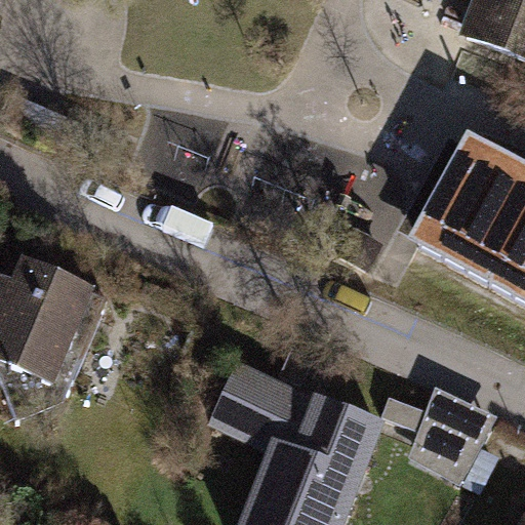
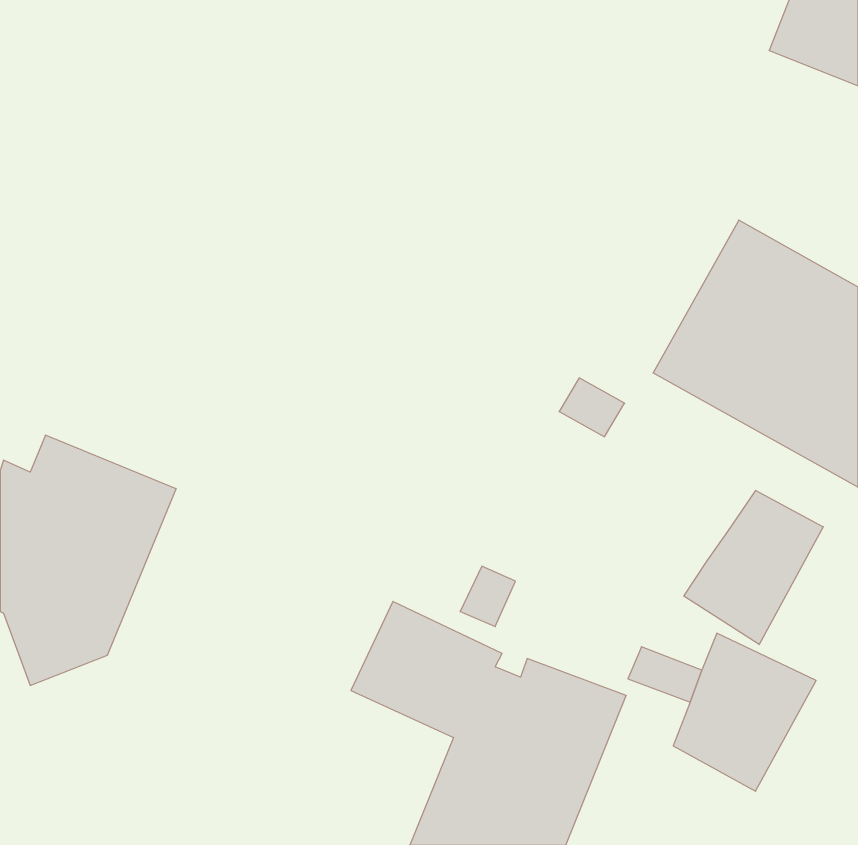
building: none -> [684,490,823,645]

